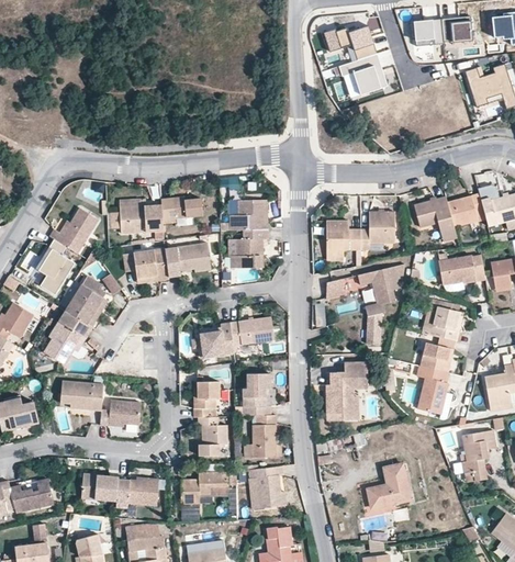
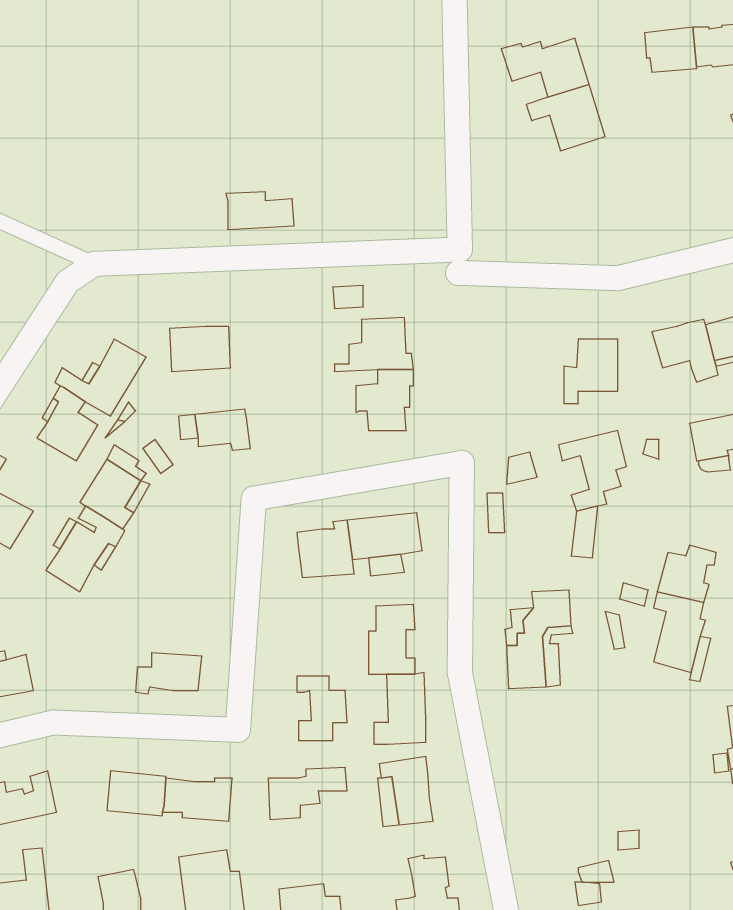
building: [161,195,203,218] -> [226,192,294,229]
building: [327,216,361,257] -> none
building: [167,240,210,276] -> none
building: [430,303,460,340] -> none
building: [193,380,220,417] -> none
building: [59,383,102,412] -> none
building: [366,462,411,508] -> none

